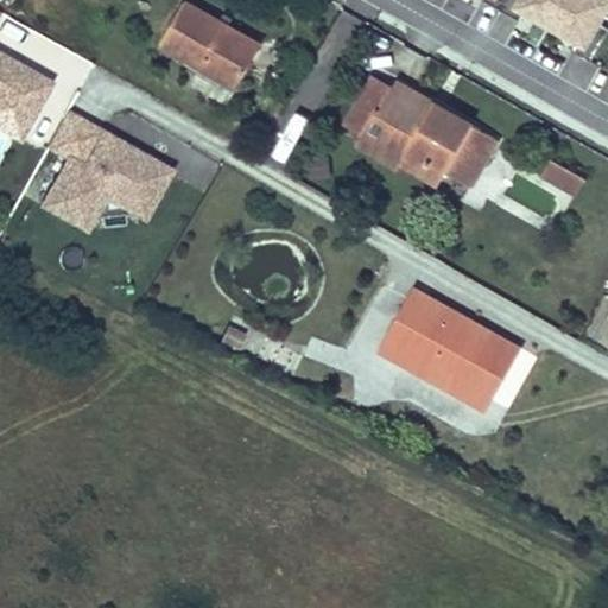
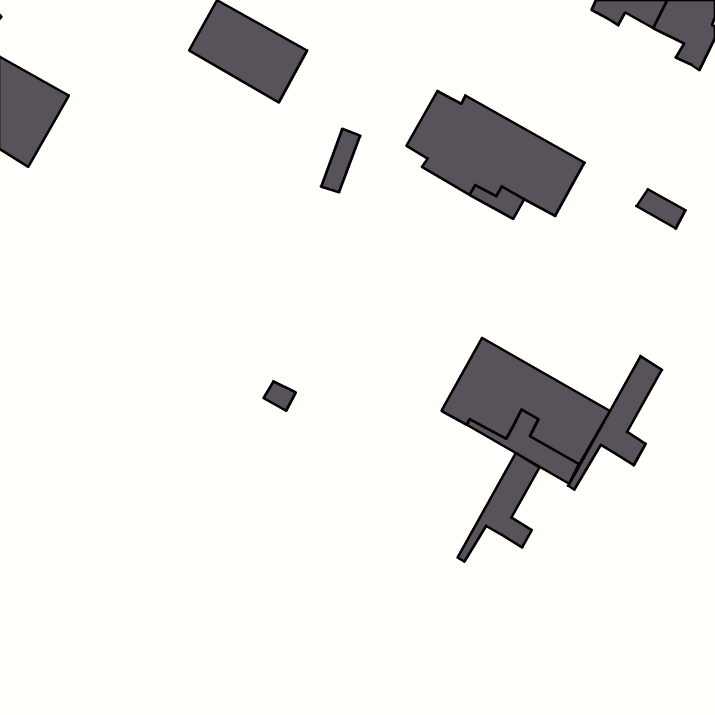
building: [42,112,176,230] -> none
building: none -> [568,356,662,490]
building: none -> [458,453,540,562]

